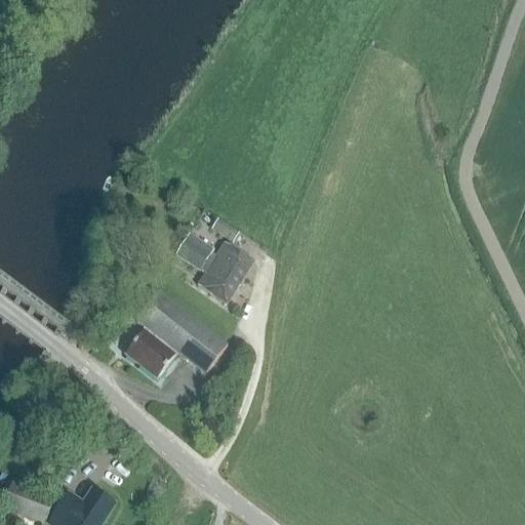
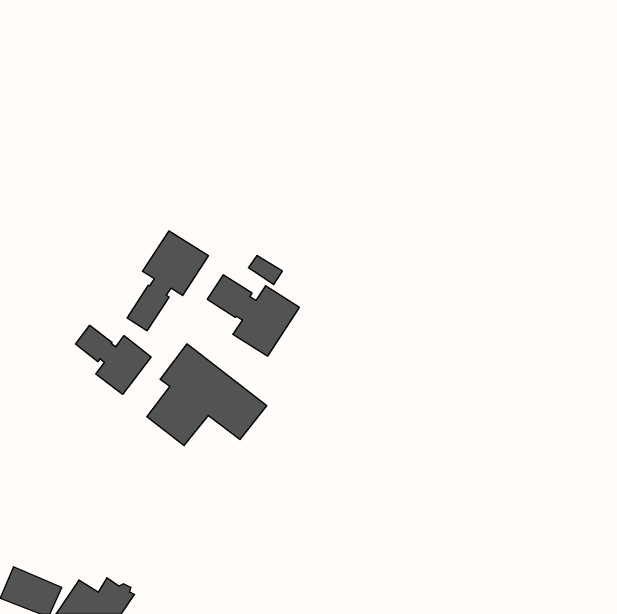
building: none -> [127,231,208,331]
building: none -> [76,325,151,394]

